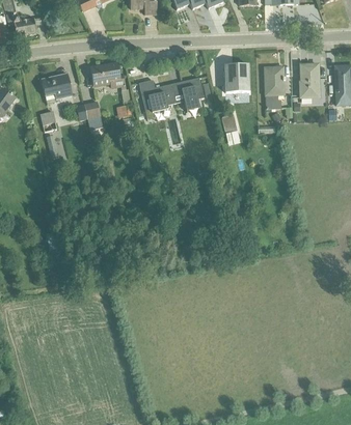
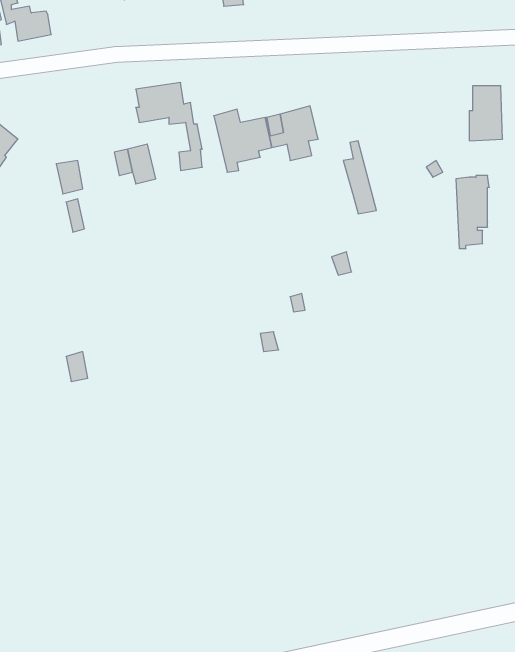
building: [224,64,249,92] -> none
building: [264,65,285,111] -> [456,176,489,249]
building: [40,73,72,104] -> none

